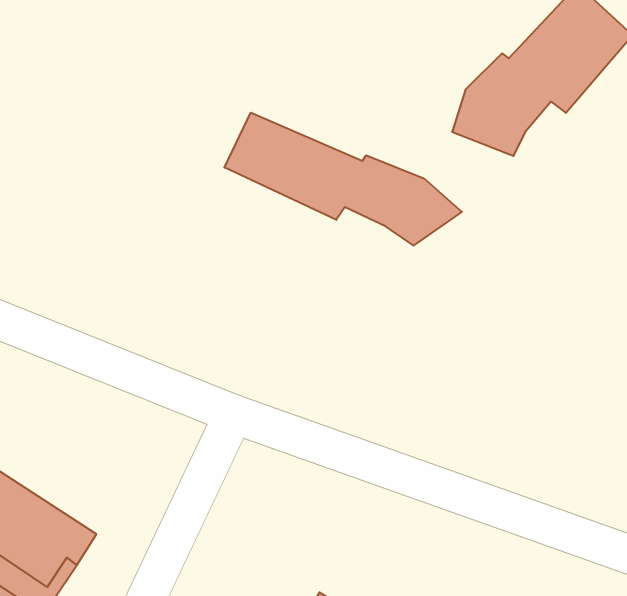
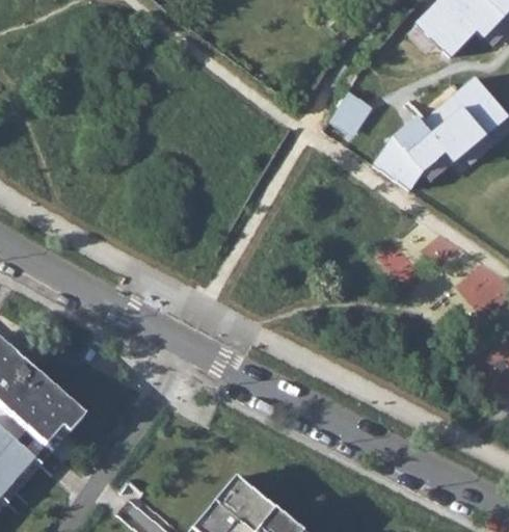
building: none -> [329,91,371,138]
building: [224,113,462,246] -> none

